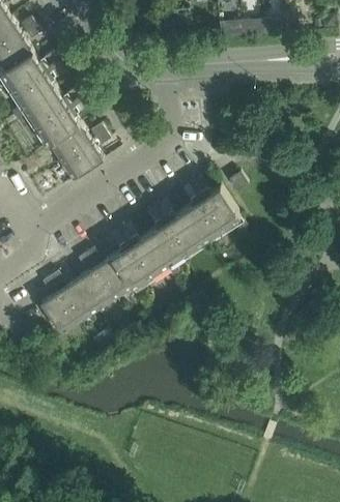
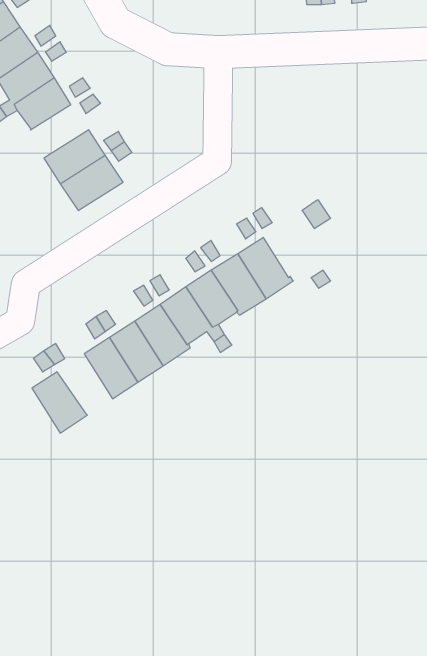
building: [36,107,80,144] -> none
building: [201,186,237,227] -> none
building: [58,279,96,322] -> none

